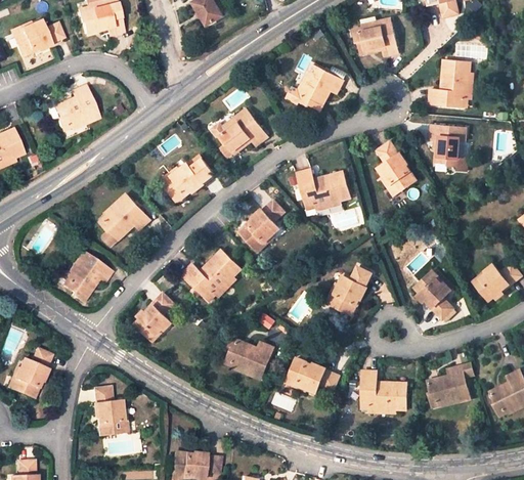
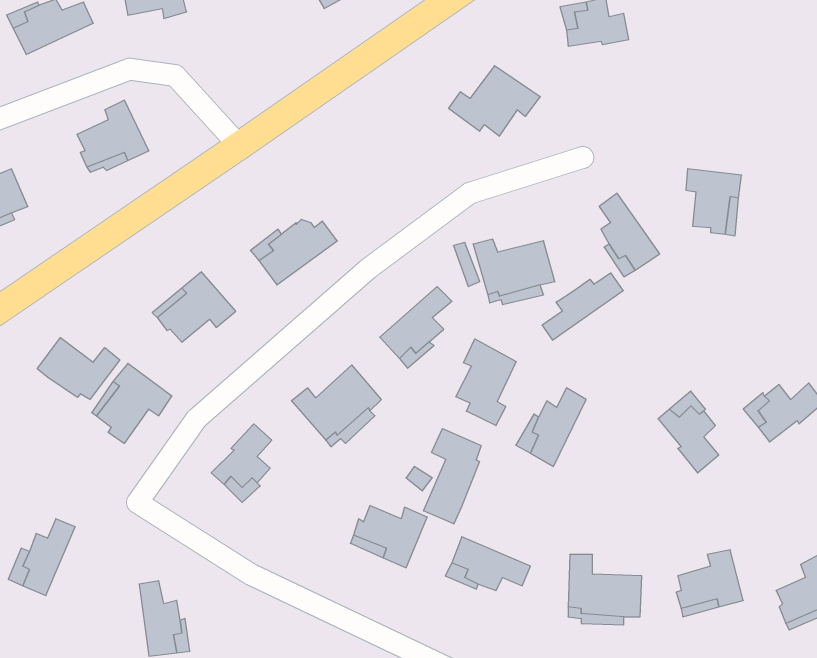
building: [432,63,473,108] -> none
building: [213,111,267,160] -> none
building: none -> [542,273,623,340]
building: none -> [37,338,120,399]
building: none -> [456,339,516,426]
building: none -> [423,429,481,524]

